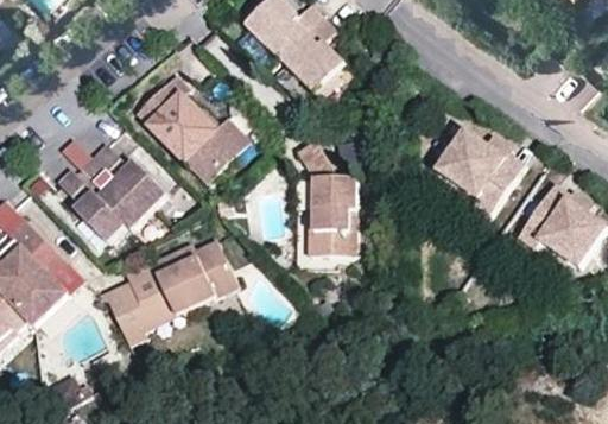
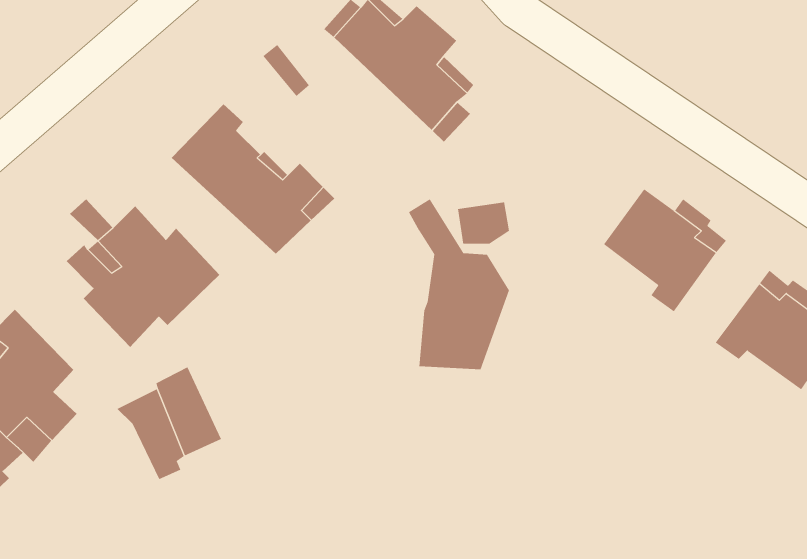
building: [146,238,228,310] -> none

